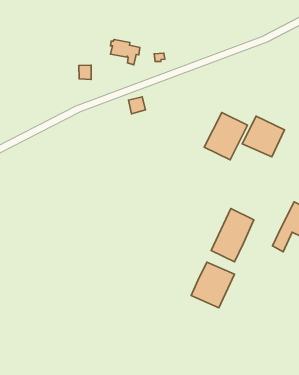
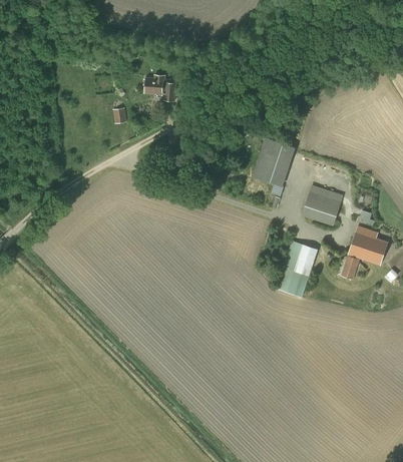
building: [242,116,285,157] -> [300,183,343,224]
building: [191,262,234,308] -> none

